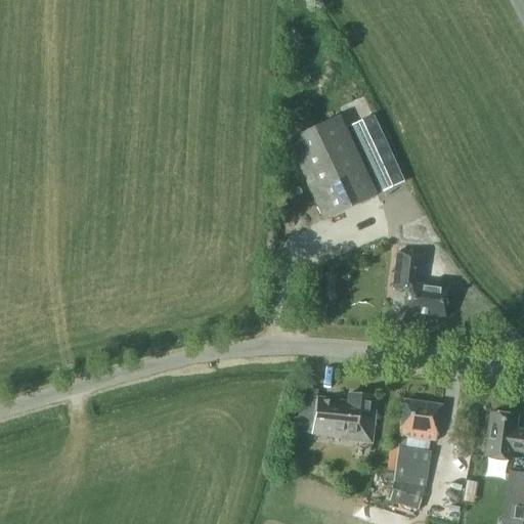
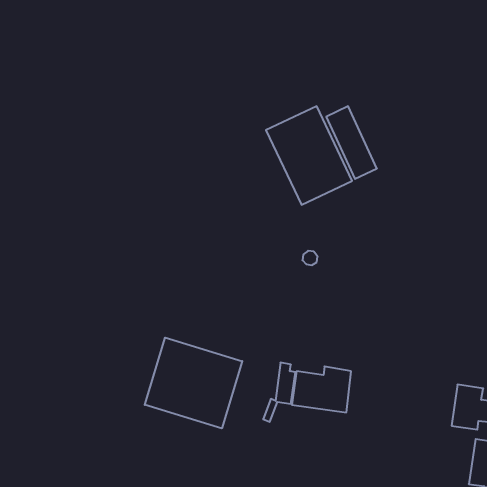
building: [395,252,449,315] -> none
building: none -> [145,338,242,428]
building: [379,399,442,509] -> none

